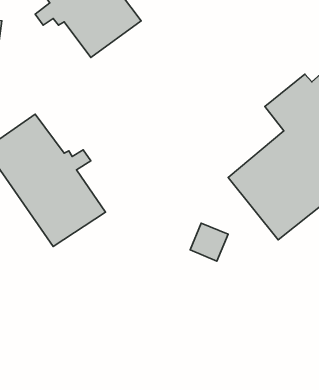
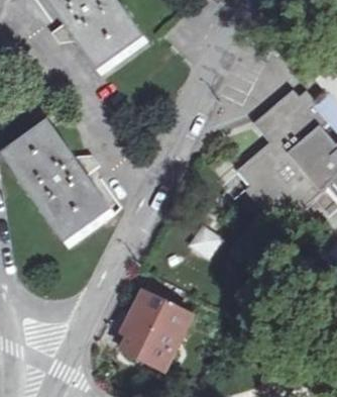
building: none -> [122,292,187,369]

